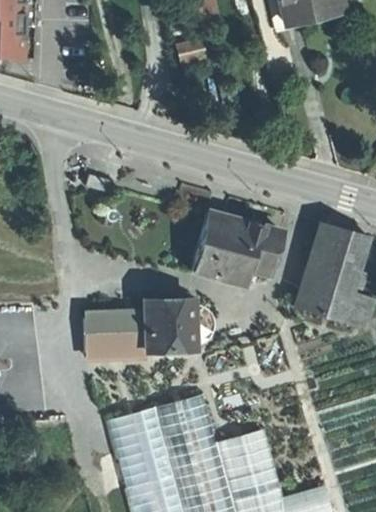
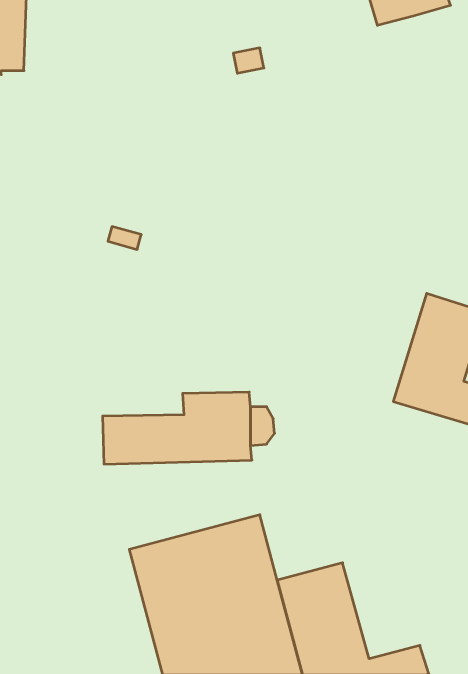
building: [193,214,281,286] -> none

